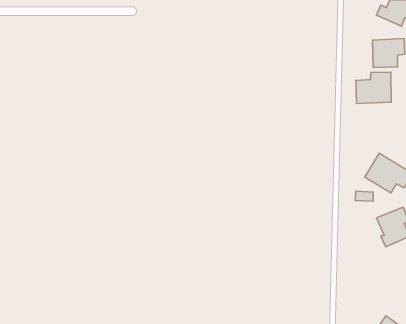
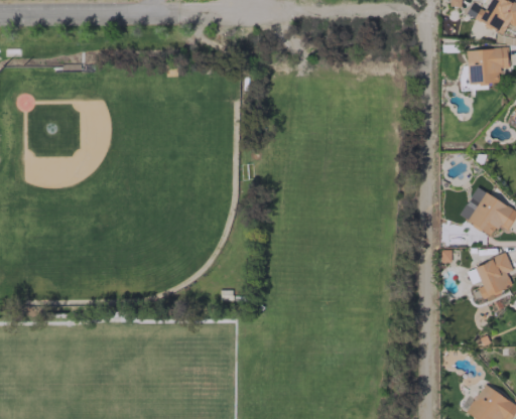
building: [356,72,391,103] -> none

